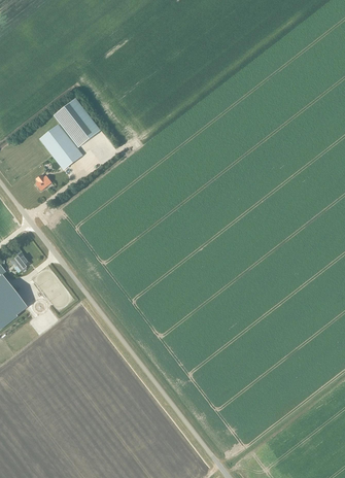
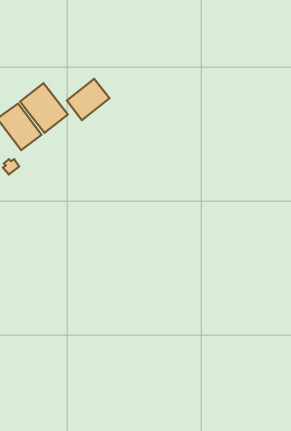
building: none -> [67,79,110,120]

